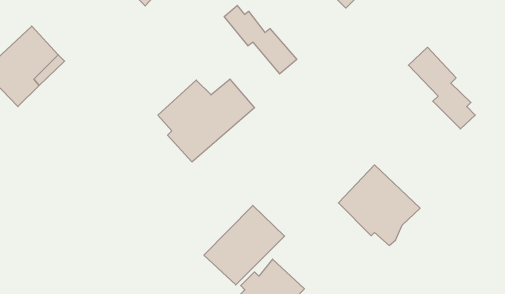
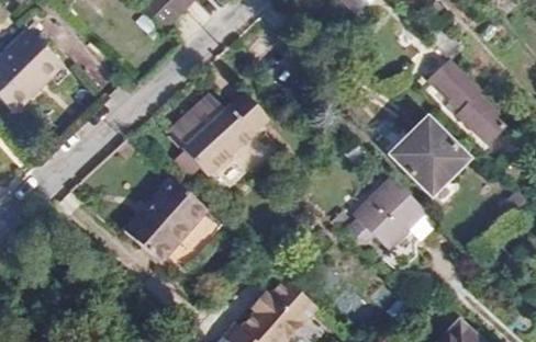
building: [224,5,297,74] -> none
building: none -> [387,117,464,195]
building: [204,205,285,285] -> [125,176,209,259]

